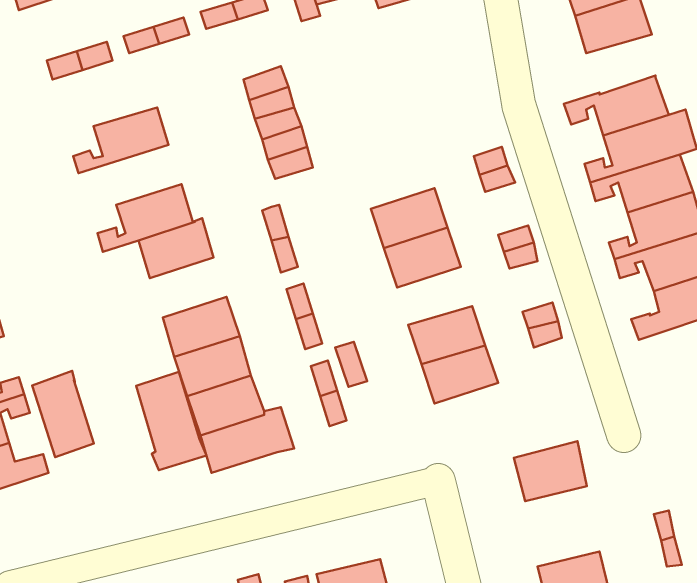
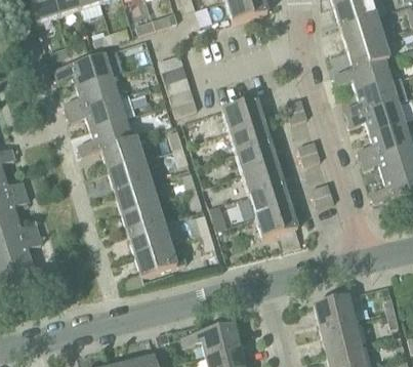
building: none -> [346,35,389,68]
building: none -> [54,52,112,85]
building: none -> [69,95,125,128]
building: none -> [221,97,263,130]
building: none -> [108,157,150,190]
building: none -> [243,162,284,194]
building: [32,371,94,457] -> none
building: [136,372,206,470] -> none
building: [514,441,587,501] -> [314,293,354,326]

